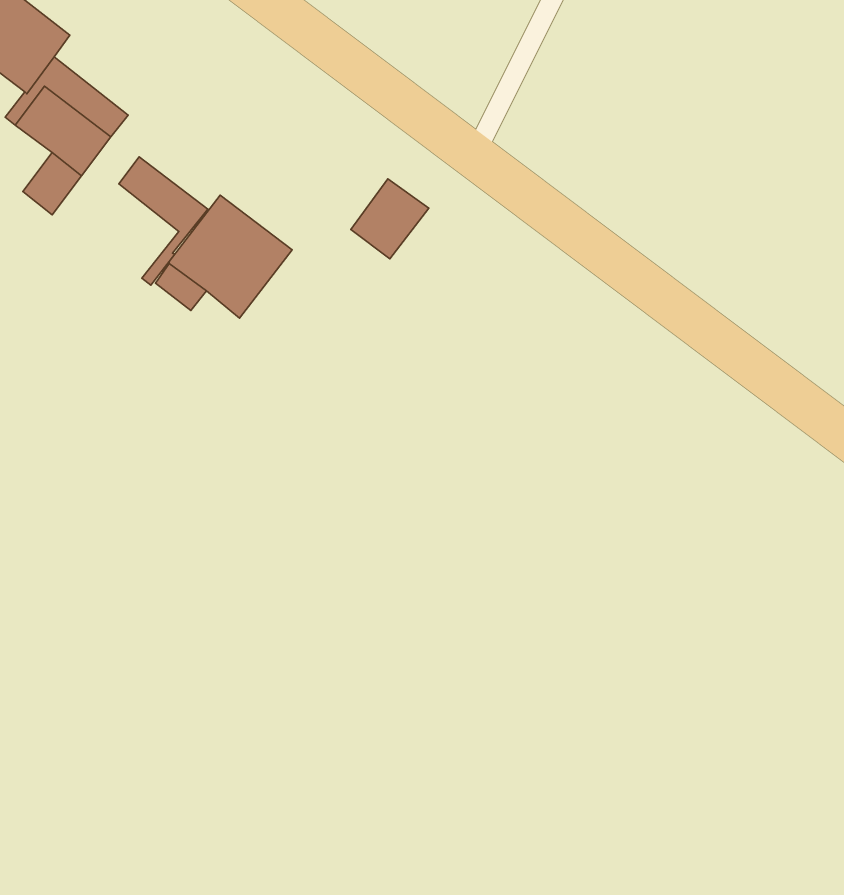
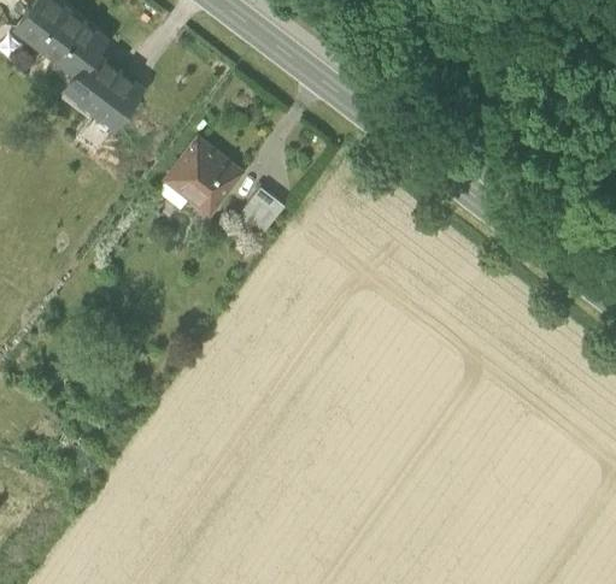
building: [119,157,208,285] -> none
building: [351,179,429,259] -> [236,187,284,236]

